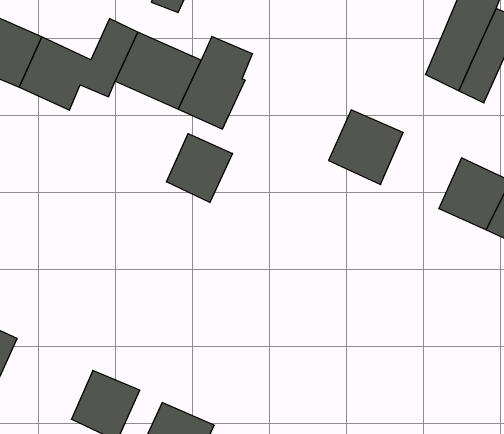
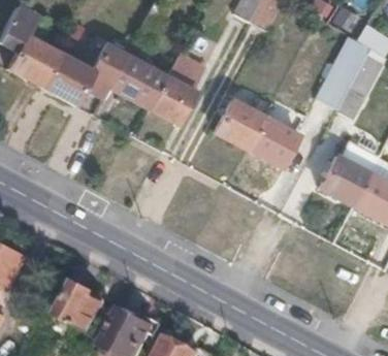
building: none -> [209,99,261,150]
building: [166,134,233,203] -> none

